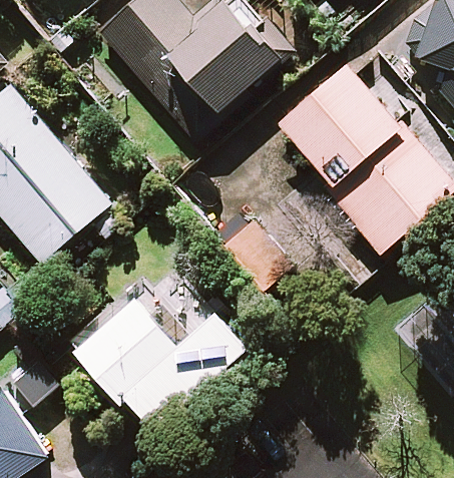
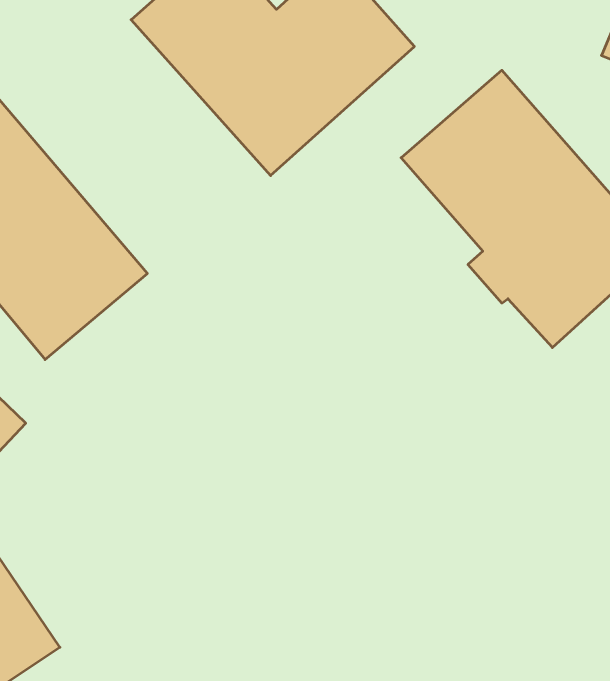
building: [75,295,244,431] -> none

